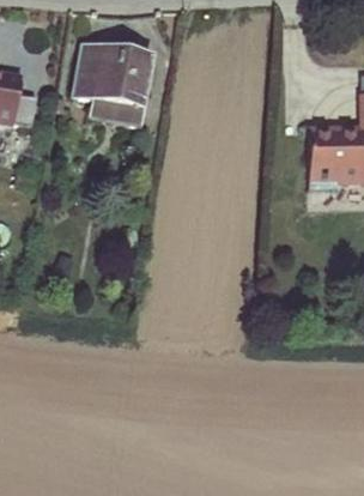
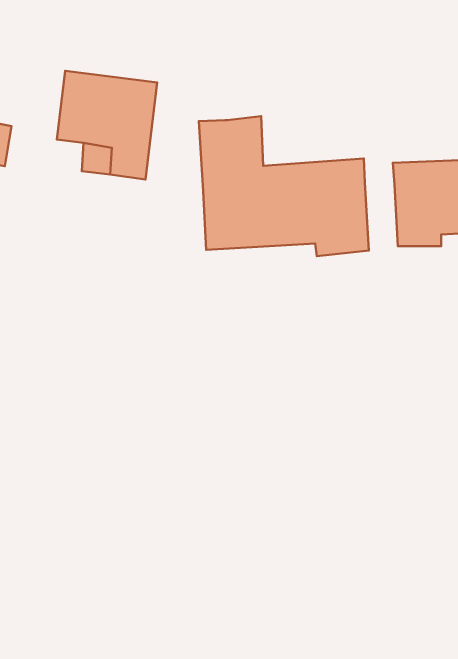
building: none -> [199,116,369,256]

